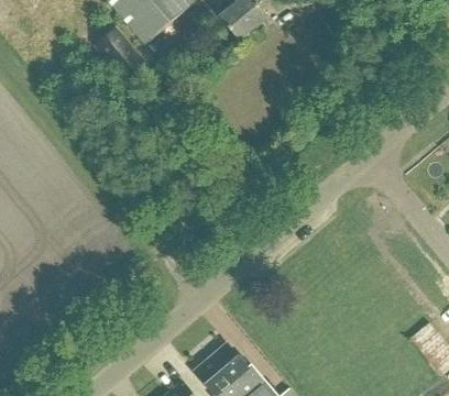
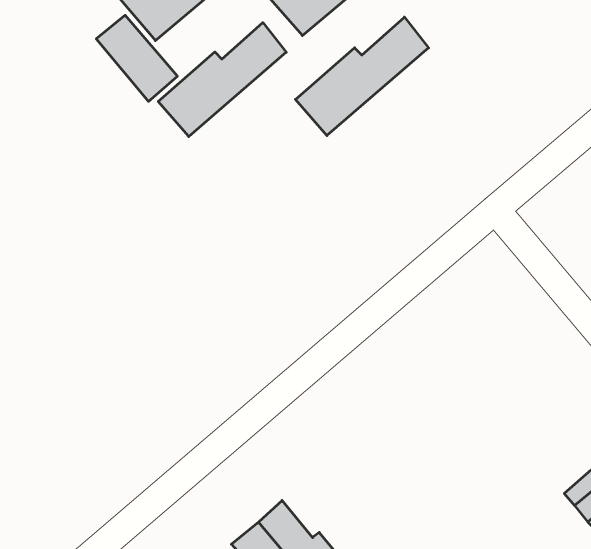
building: none -> [295,17,429,136]
building: none -> [158,23,286,137]

